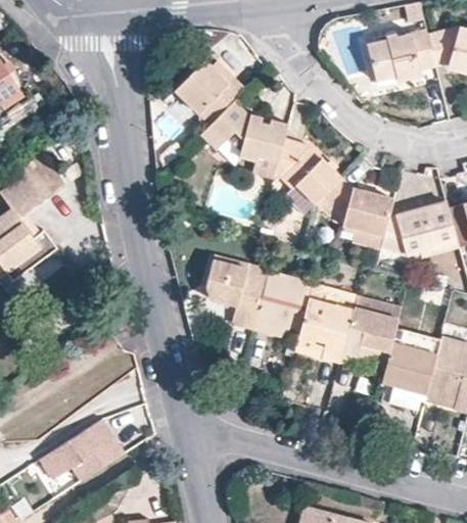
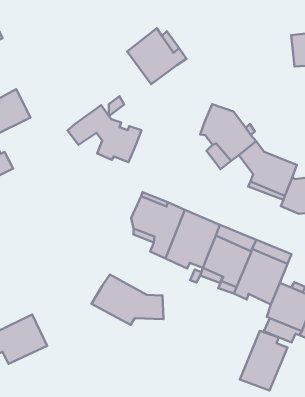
building: [198,99,286,162] -> [68,105,142,162]
building: none -> [91,275,163,325]
building: none -> [240,331,287,391]

